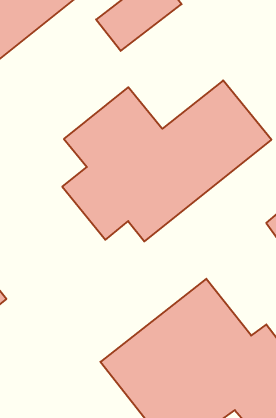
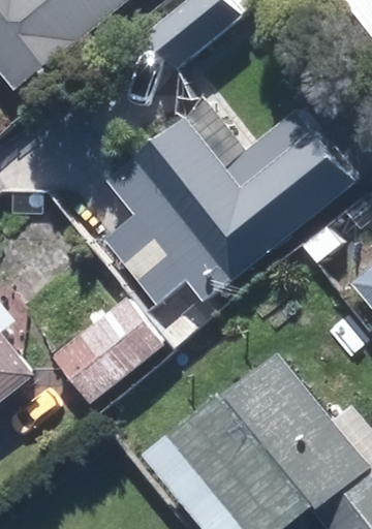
building: none -> [49,292,166,404]

